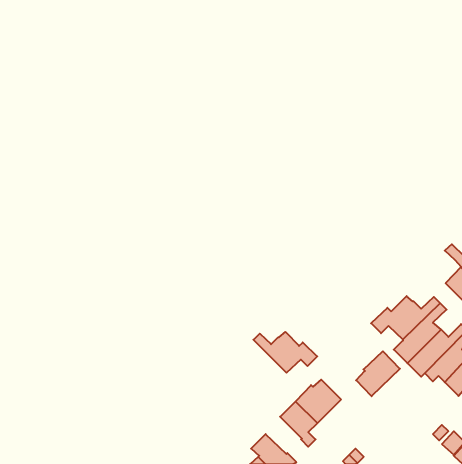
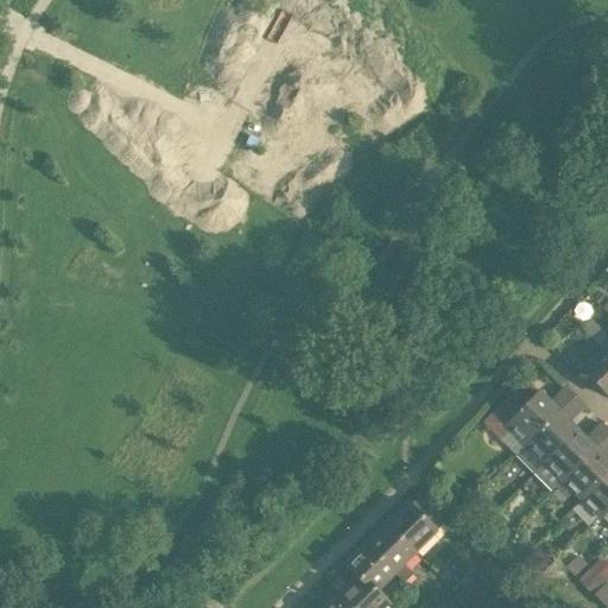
building: [253,332,317,373] -> none
building: [356,351,400,396] -> none
building: none -> [349,545,398,594]

